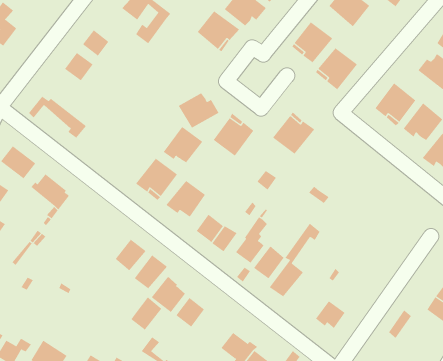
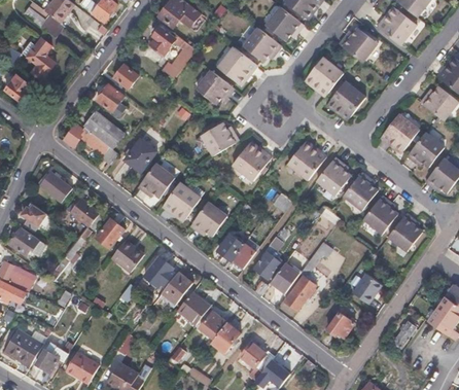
building: none -> [196,70,235,105]
building: none -> [83,112,127,153]
building: none -> [123,139,156,173]
building: [163,126,203,163] -> [138,164,175,198]
building: none -> [316,156,350,194]
building: none -> [343,172,377,210]
building: none -> [363,196,397,234]
building: none -> [387,212,422,250]
building: none -> [95,218,122,247]
building: none -> [109,239,143,273]
building: none -> [352,273,382,304]
building: [131,297,162,330] -> [210,321,239,352]

